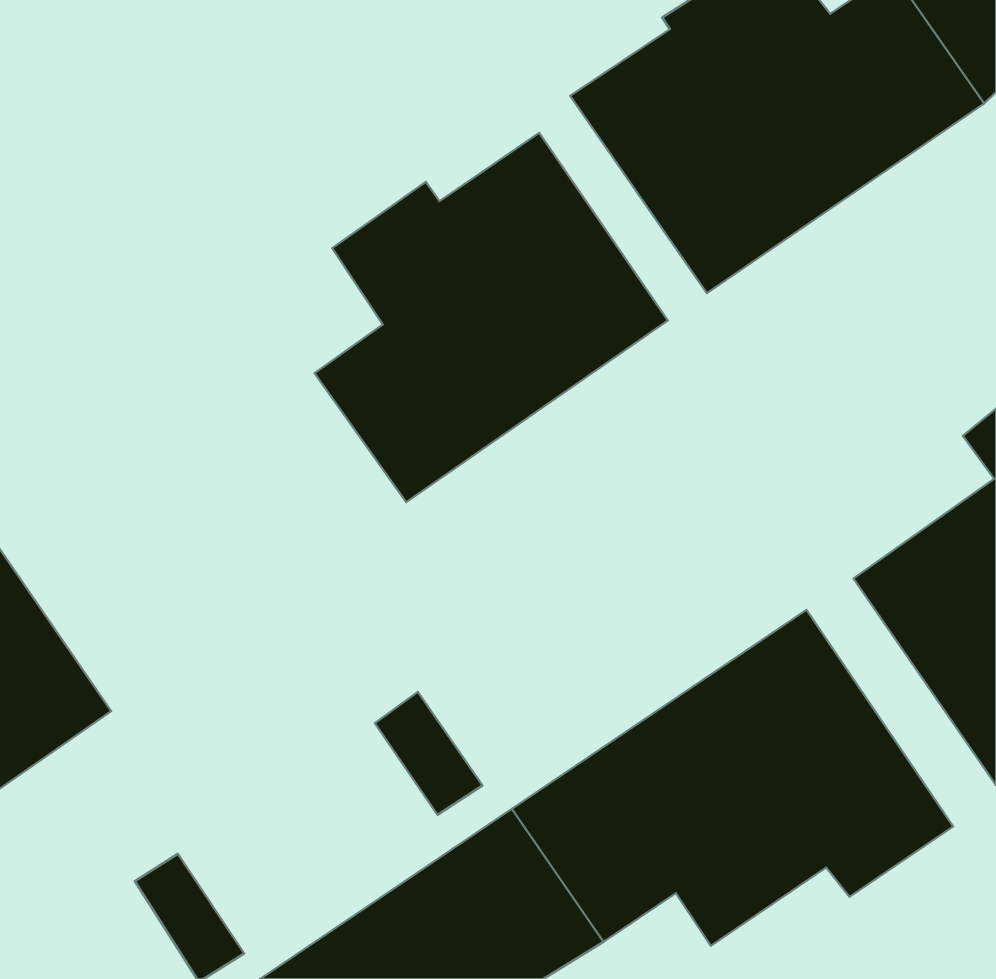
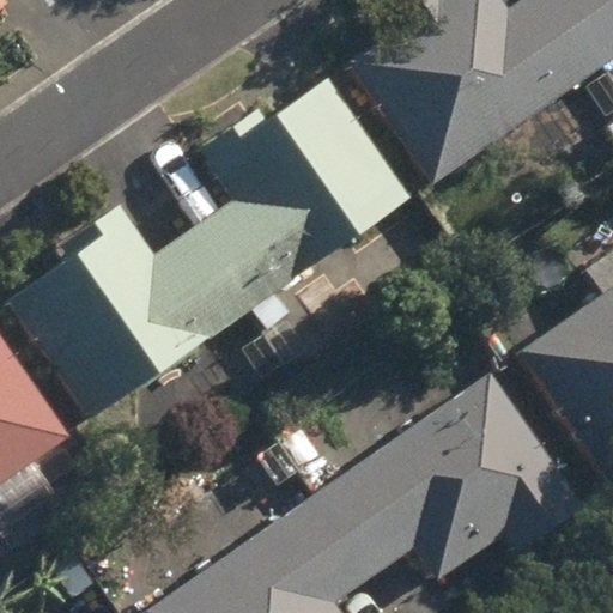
building: none -> [10,208,249,418]

